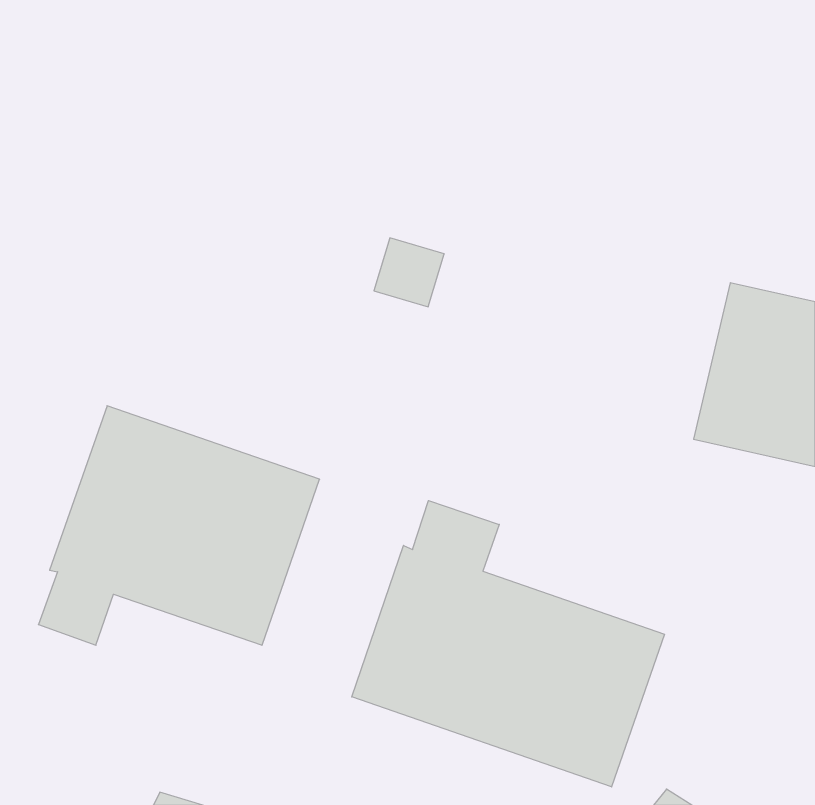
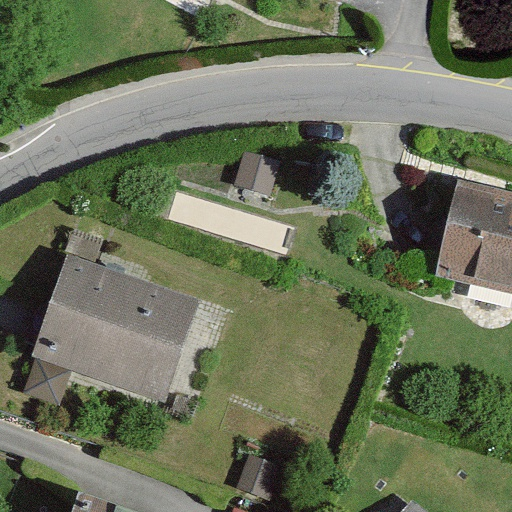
building: [352,501,664,787] -> none

